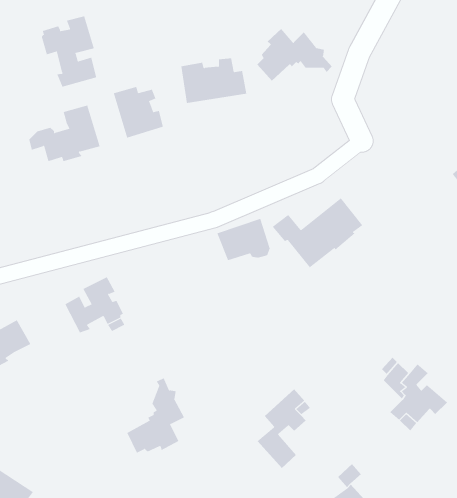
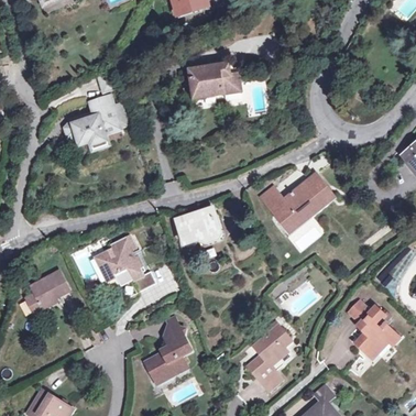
building: [41,15,97,88] -> none
building: [257,28,333,81] -> none
building: [113,86,164,138] -> none
building: [217,218,270,261] -> [176,207,219,241]

